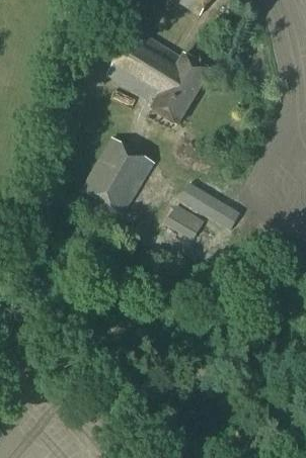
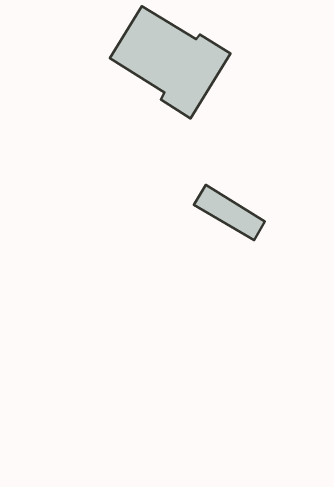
building: [81,138,154,214] -> none
building: [165,204,204,240] -> none

